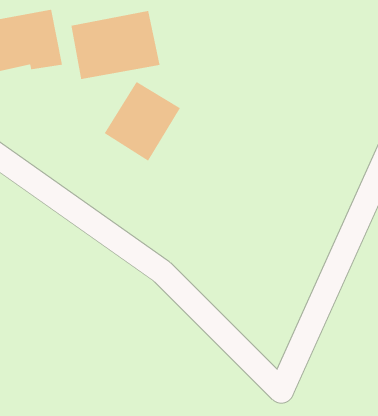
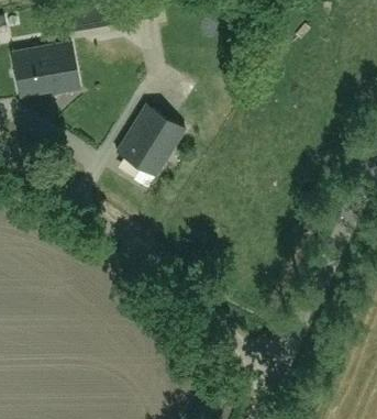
building: [71,10,160,80] -> none

